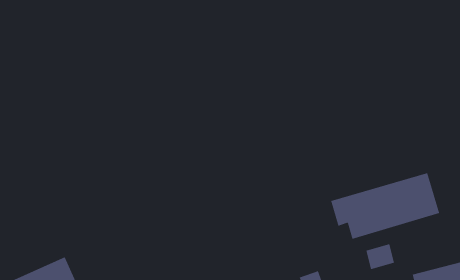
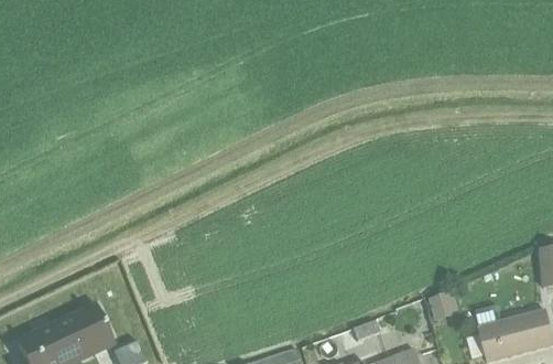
building: [330,172,440,240] -> none

